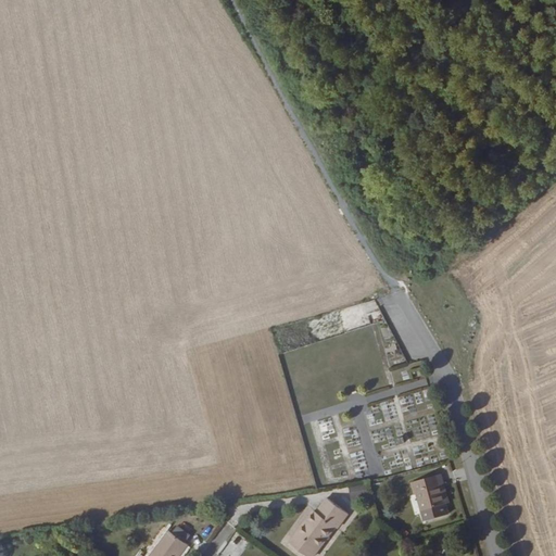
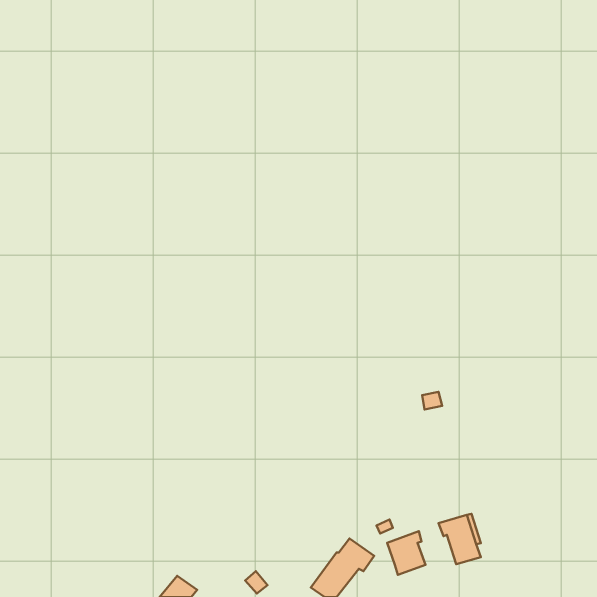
building: none -> [387,531,425,575]

